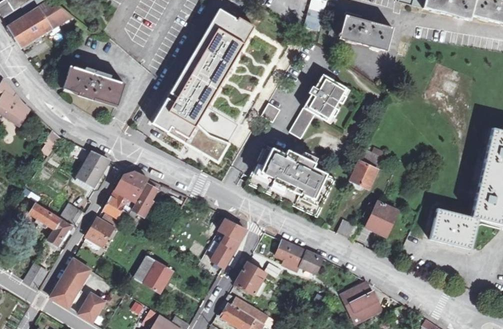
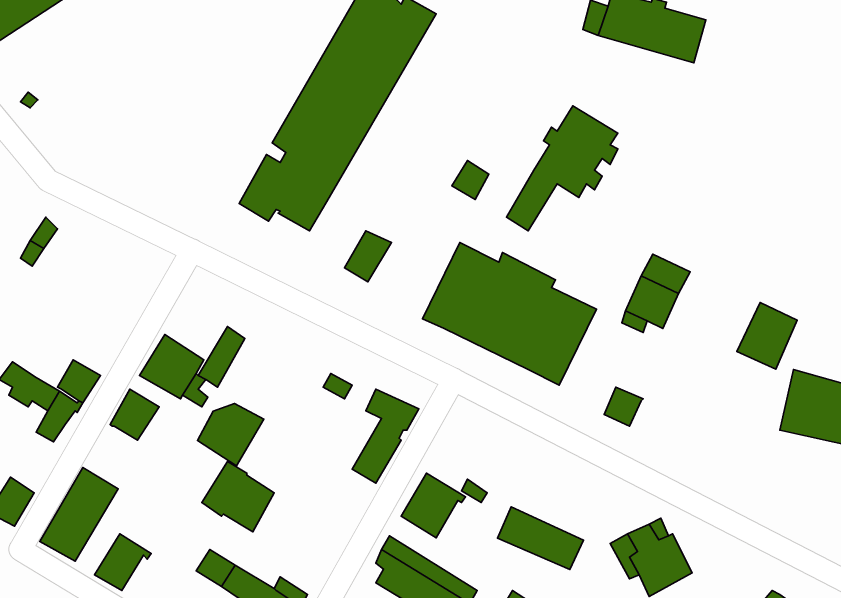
building: [62,64,123,104] -> none
building: [167,122,217,156] -> none
building: [75,152,108,189] -> none
building: [114,171,148,203] -> [197,403,264,466]
building: [366,201,397,235] -> [737,303,797,369]
building: [274,239,318,271] -> [498,507,584,569]

